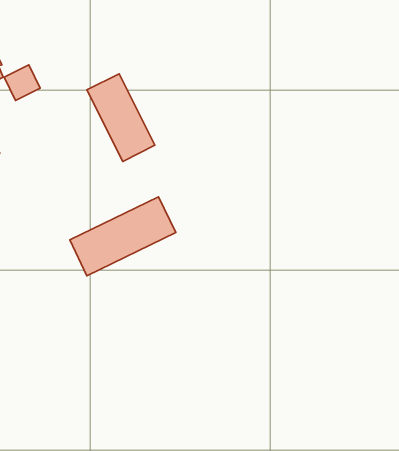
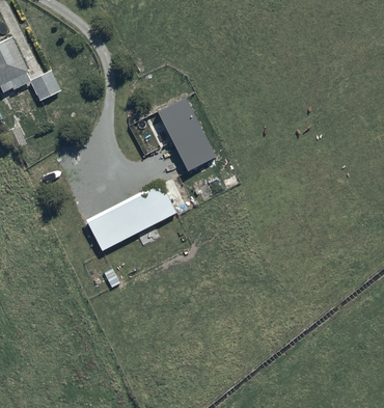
building: [87,74,155,161] -> [158,97,215,170]

